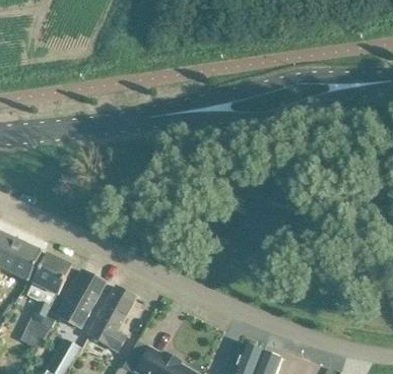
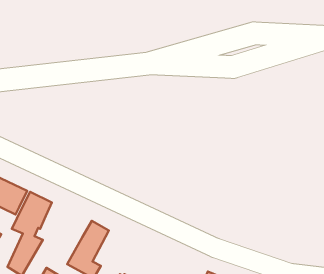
building: [58,270,105,328] -> none

